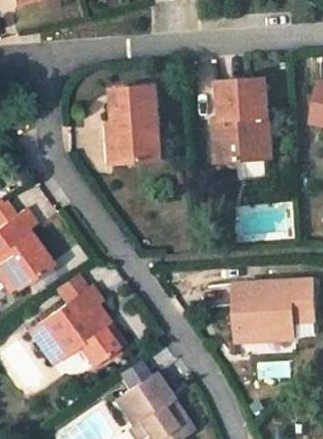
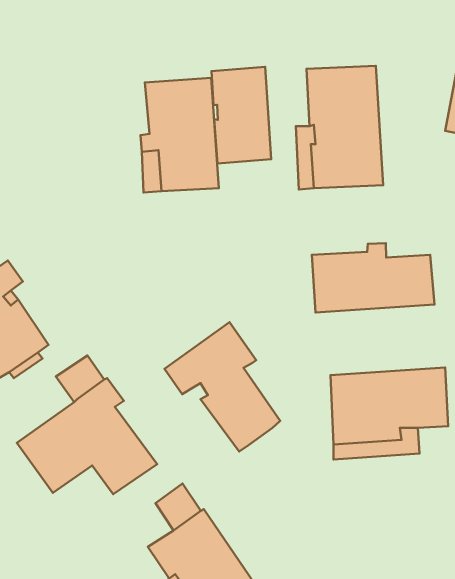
building: none -> [212,67,271,164]
building: none -> [312,243,435,312]
building: none -> [164,322,280,452]

